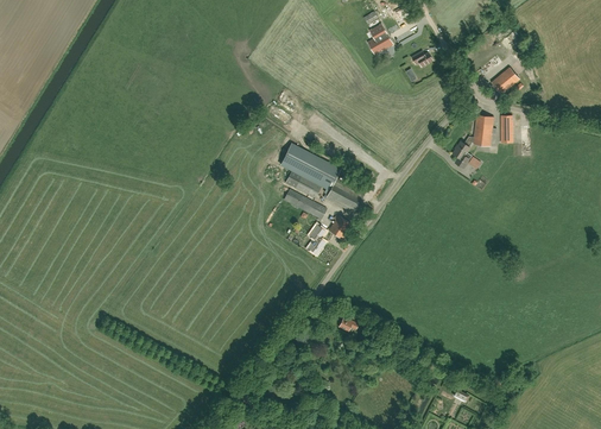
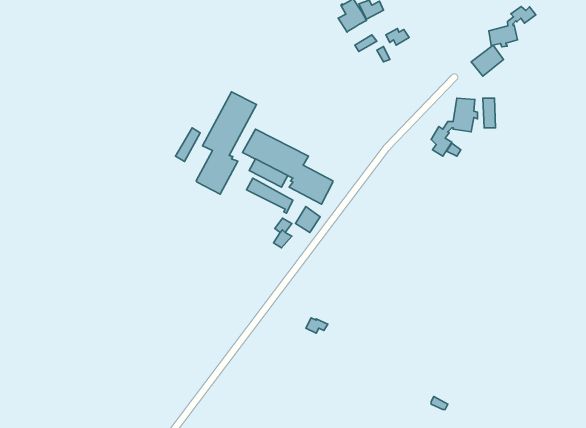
building: none -> [489,6,536,47]
building: none -> [196,92,257,194]

